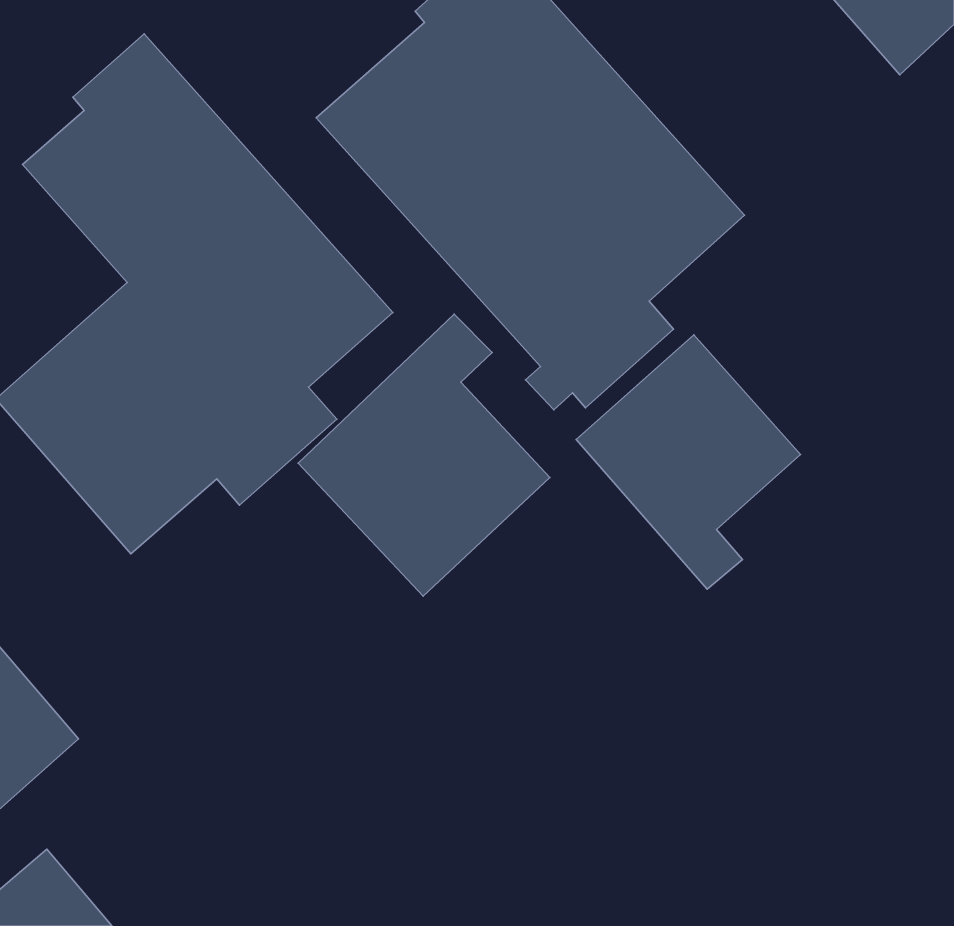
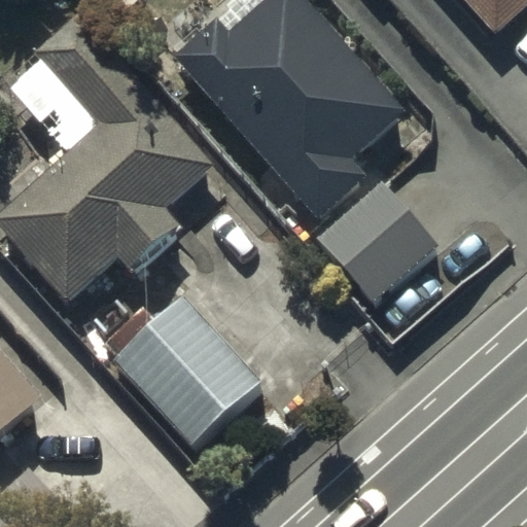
building: [298,314,550,596] -> none
building: none -> [114,301,262,451]

